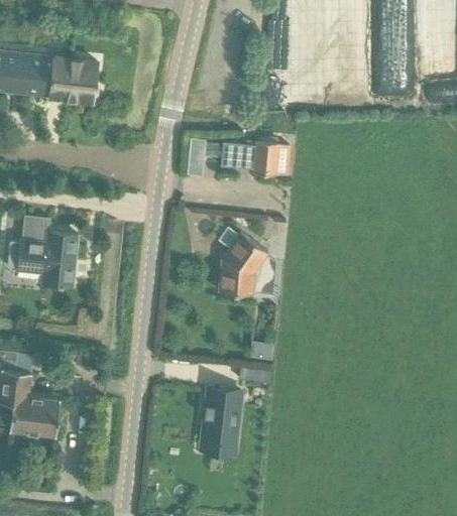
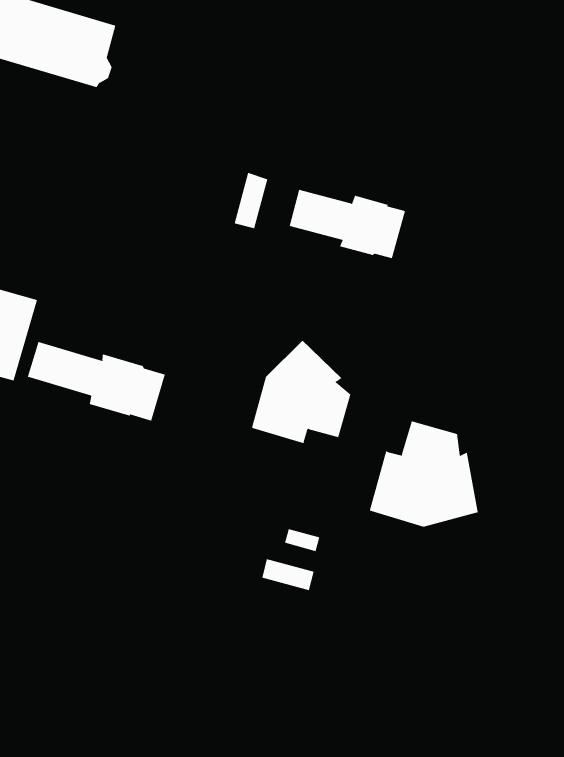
building: none -> [27,341,165,421]
building: none -> [369,420,479,527]
building: [202,388,242,445] -> none

